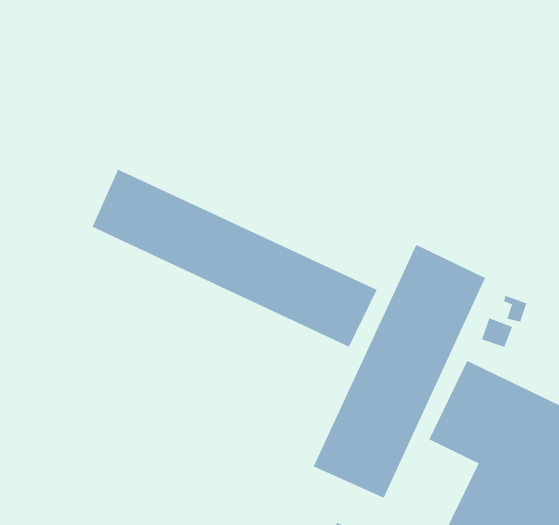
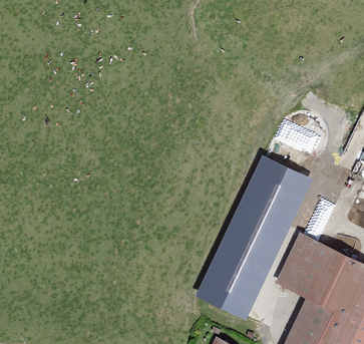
building: [92,169,378,347] -> none

